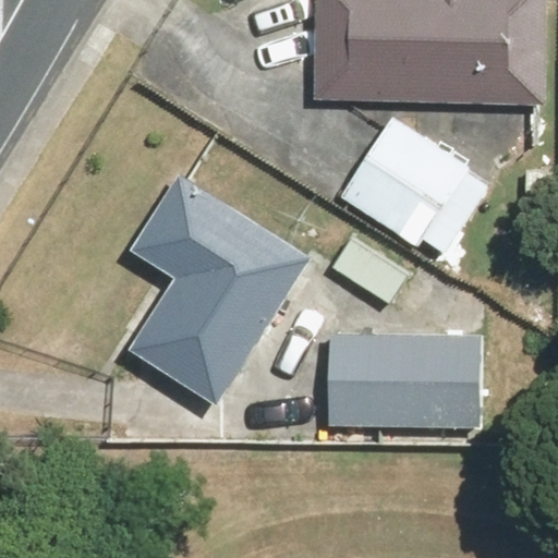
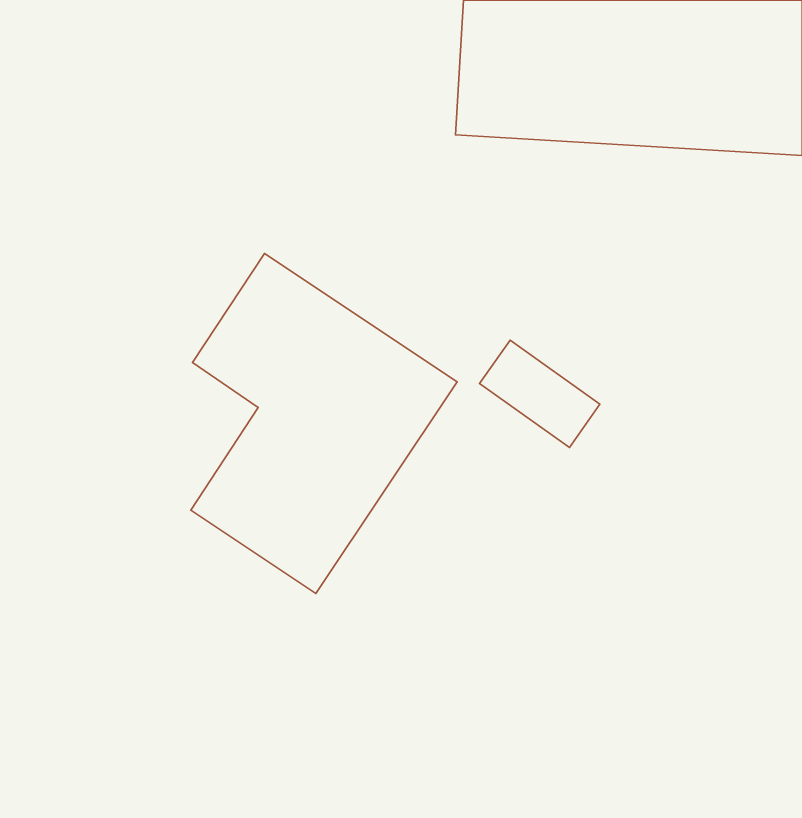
building: [337,114,492,263] -> none
building: [327,330,482,427] -> none

